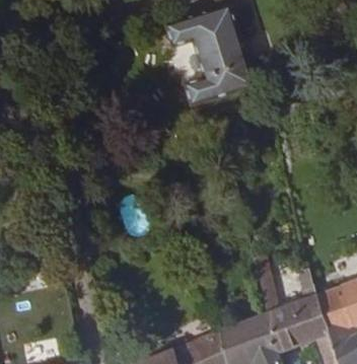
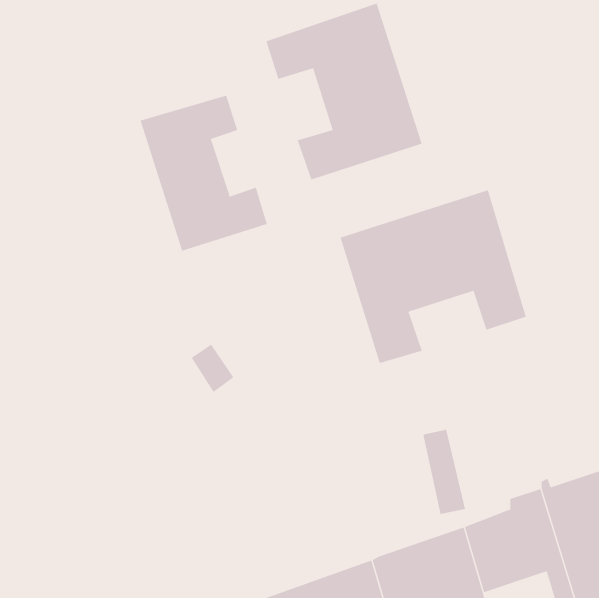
building: none -> [140,95,268,251]
building: none -> [340,190,527,364]

